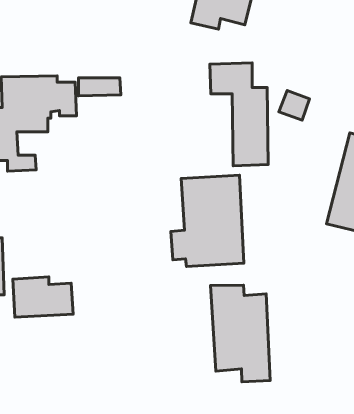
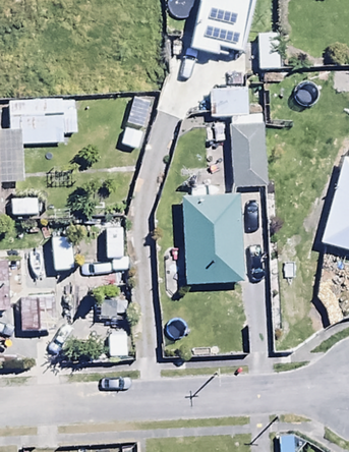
building: [211,285,270,382] -> none

